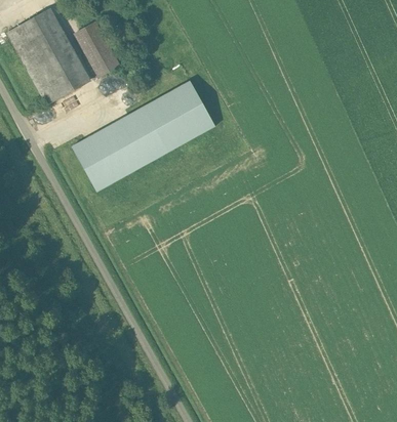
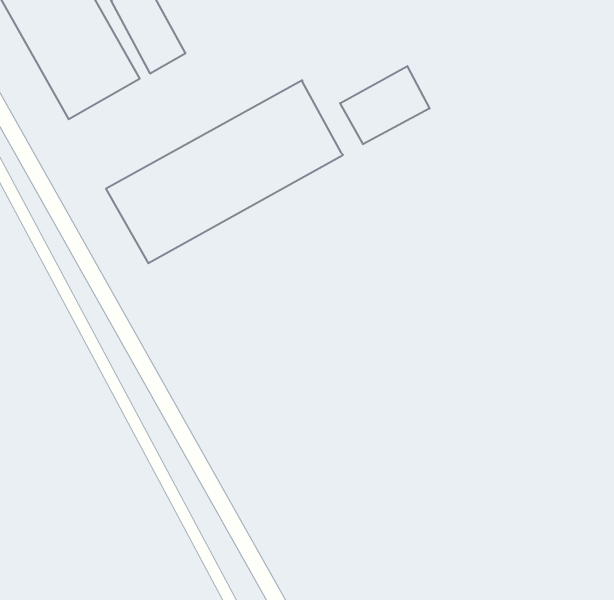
building: none -> [340,66,430,144]

